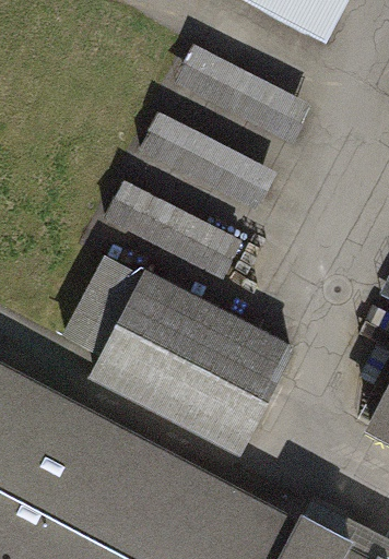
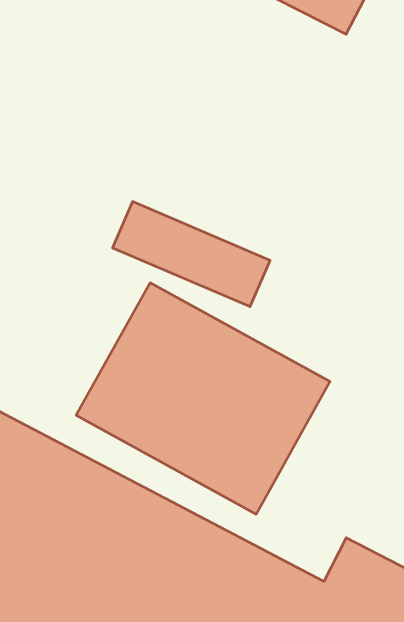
building: [177,52,319,147] -> none
building: [146,126,283,209] -> none

